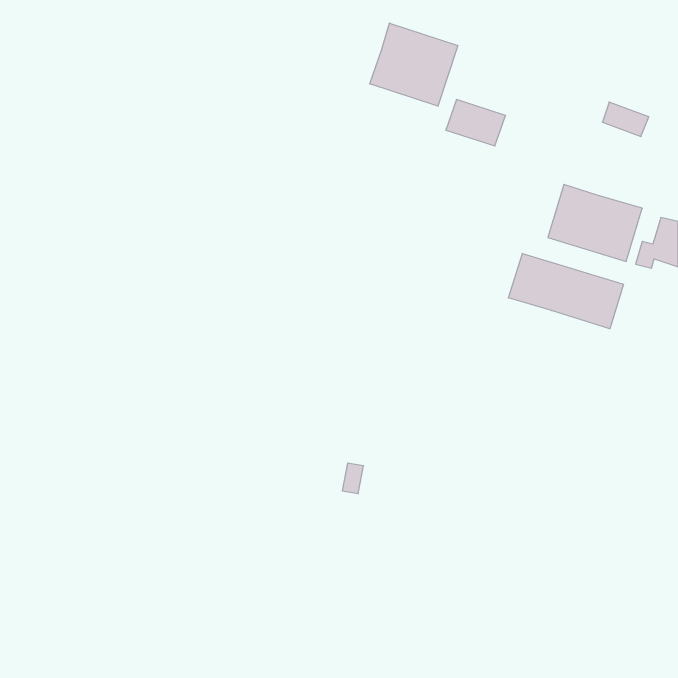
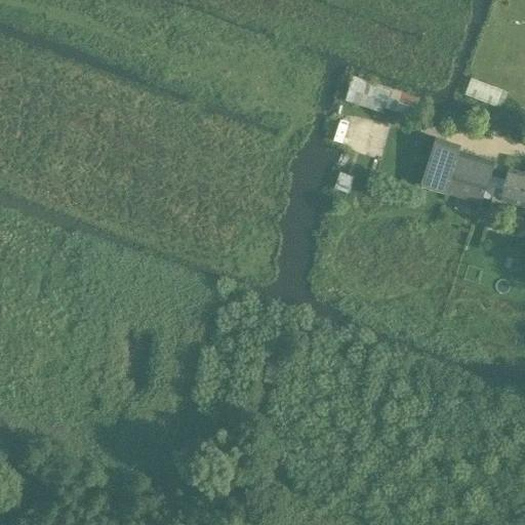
building: [370,23,458,106] -> none
building: [508,253,624,329] -> none

